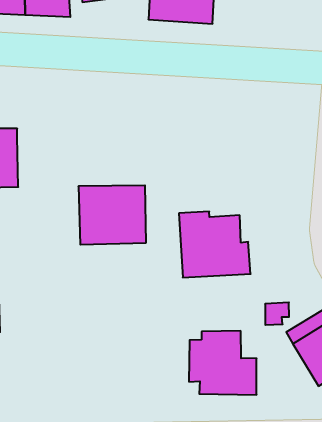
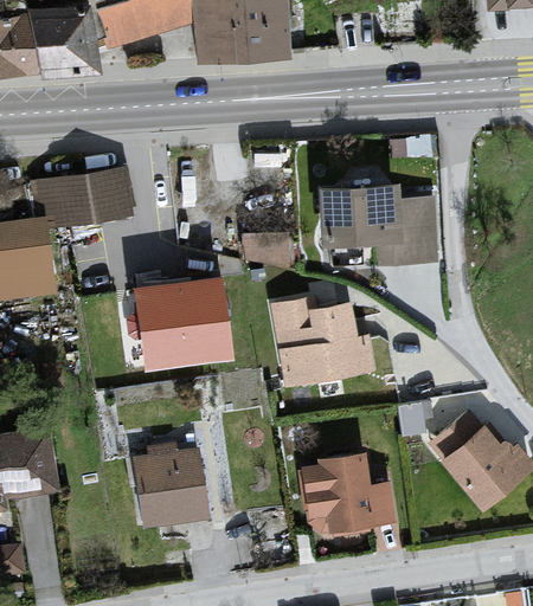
building: none -> [30,169,131,231]
building: none -> [317,185,436,266]
building: none -> [131,440,210,524]

